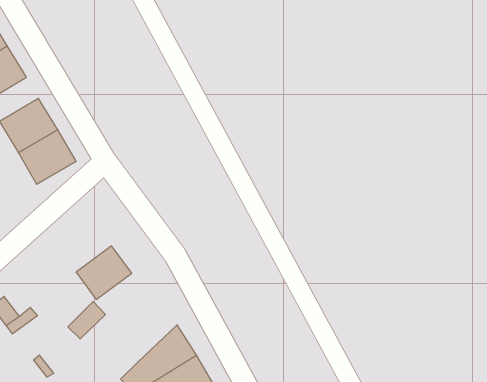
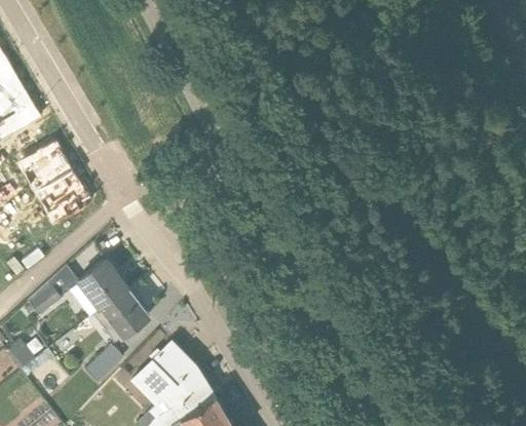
building: none -> [24,258,128,316]
building: none -> [132,342,195,405]

